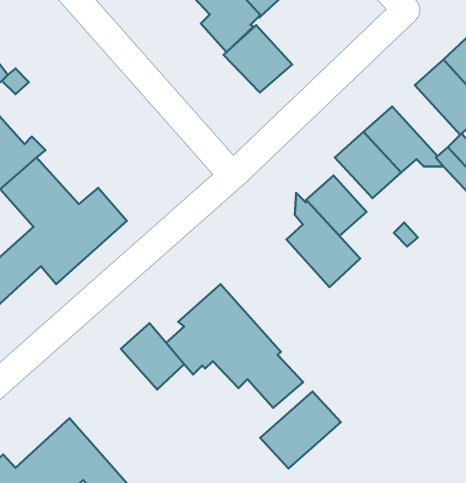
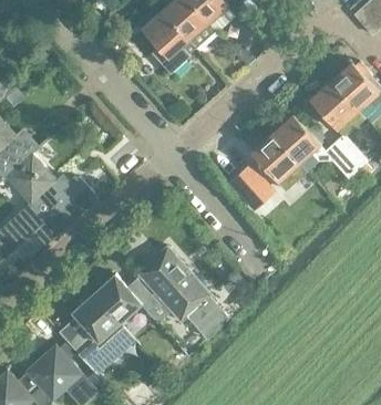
building: [223,25,292,92] -> none
building: [286,193,360,287] -> none
building: none -> [65,292,132,370]
building: [260,392,341,469] -> none

